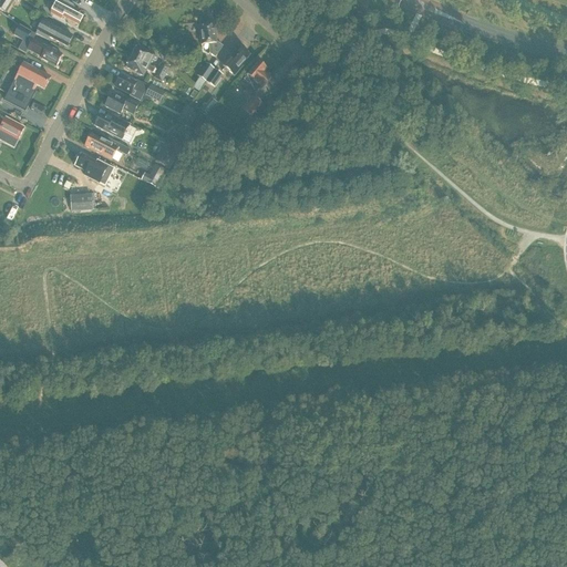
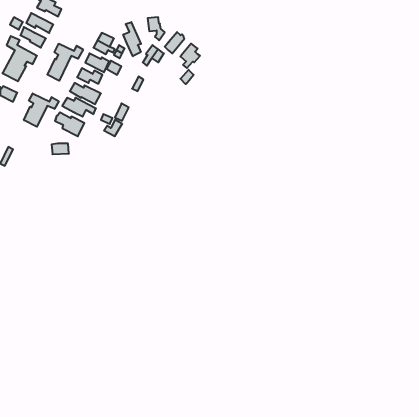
building: none -> [123,22,141,56]
building: none -> [47,44,83,81]
building: none -> [24,93,59,127]

